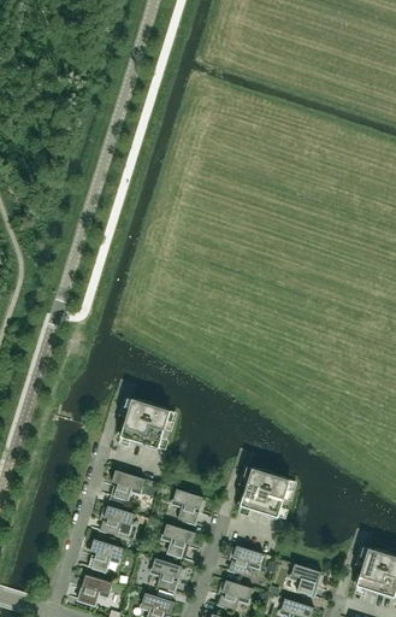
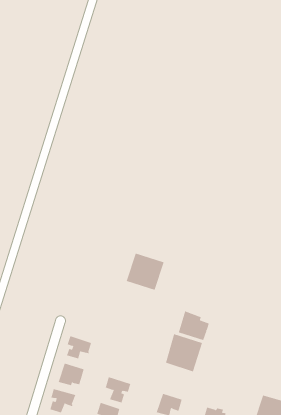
building: [120,399,171,448] -> [126,253,164,290]
building: none -> [178,311,210,341]
building: [172,489,203,525] -> none

